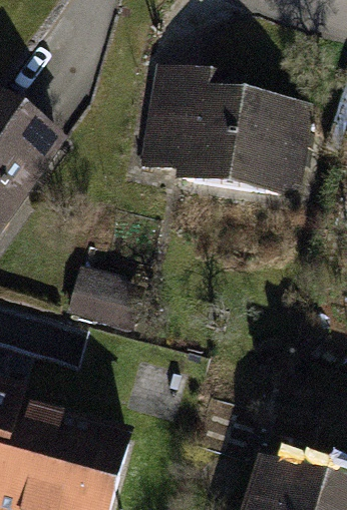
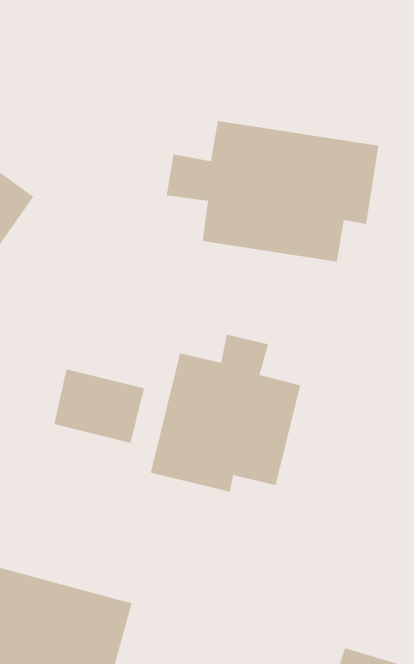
building: none -> [150,334,301,493]

